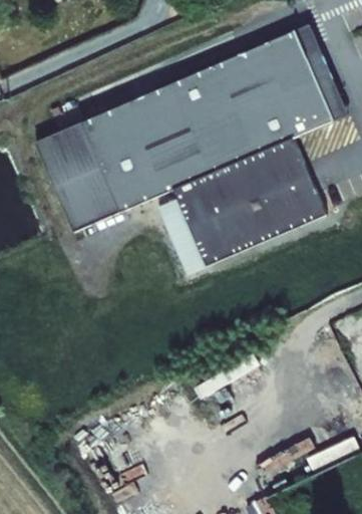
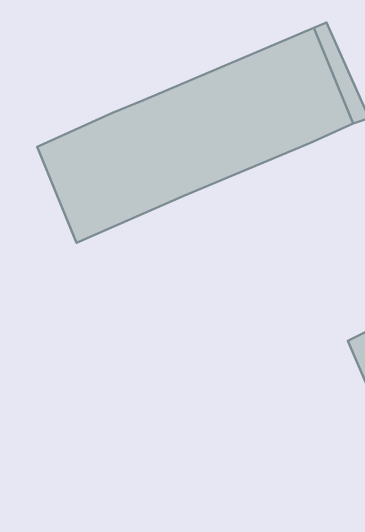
building: [160,137,326,273] -> none

